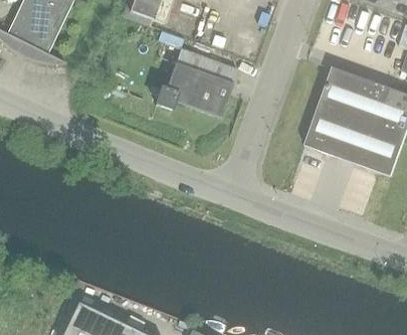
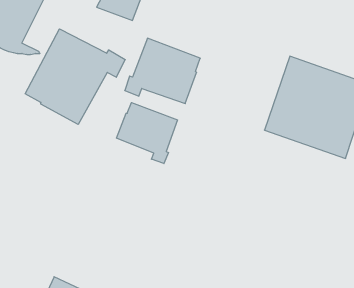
building: none -> [25,29,125,124]
building: none -> [116,103,177,164]

